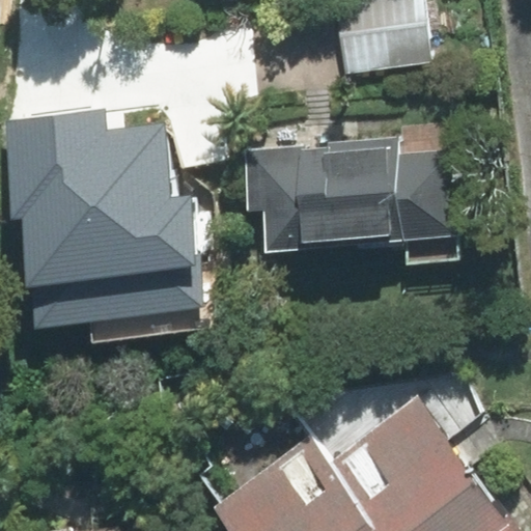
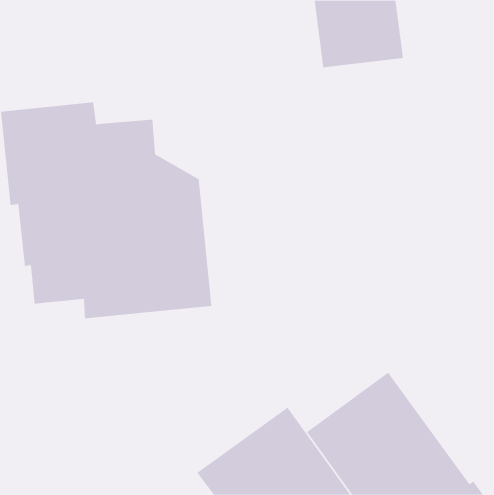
building: [243,138,458,263] -> none

